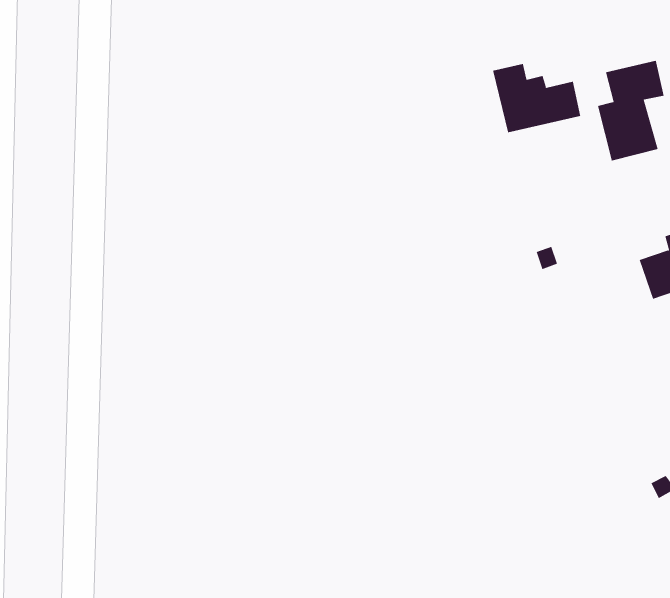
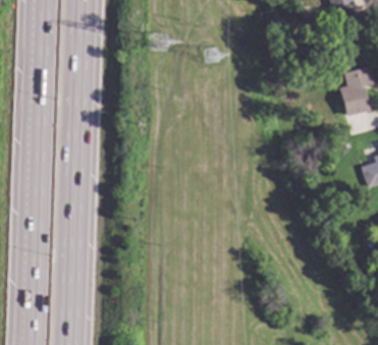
building: [493,63,581,133] -> none

